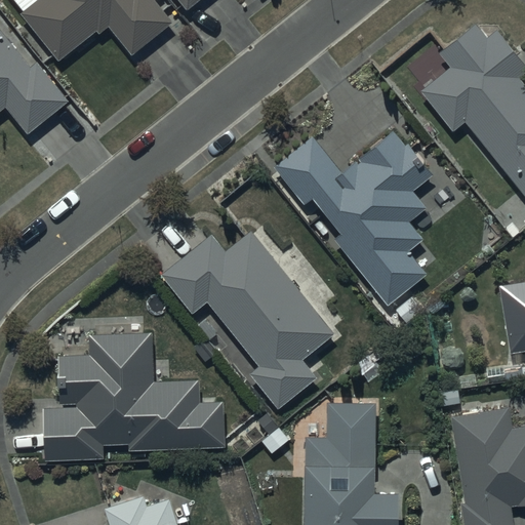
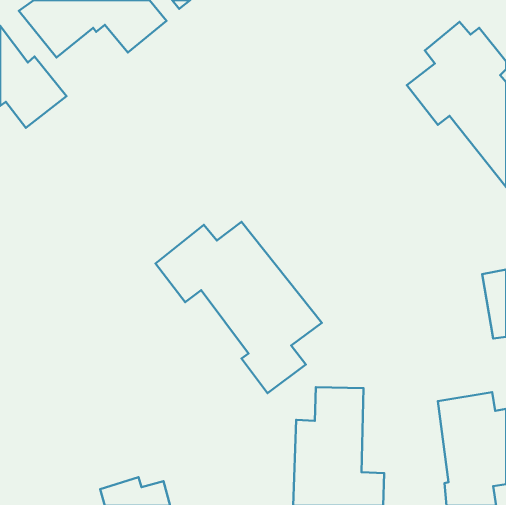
building: [274,130,433,305] -> none
building: [43,333,225,460] -> none

